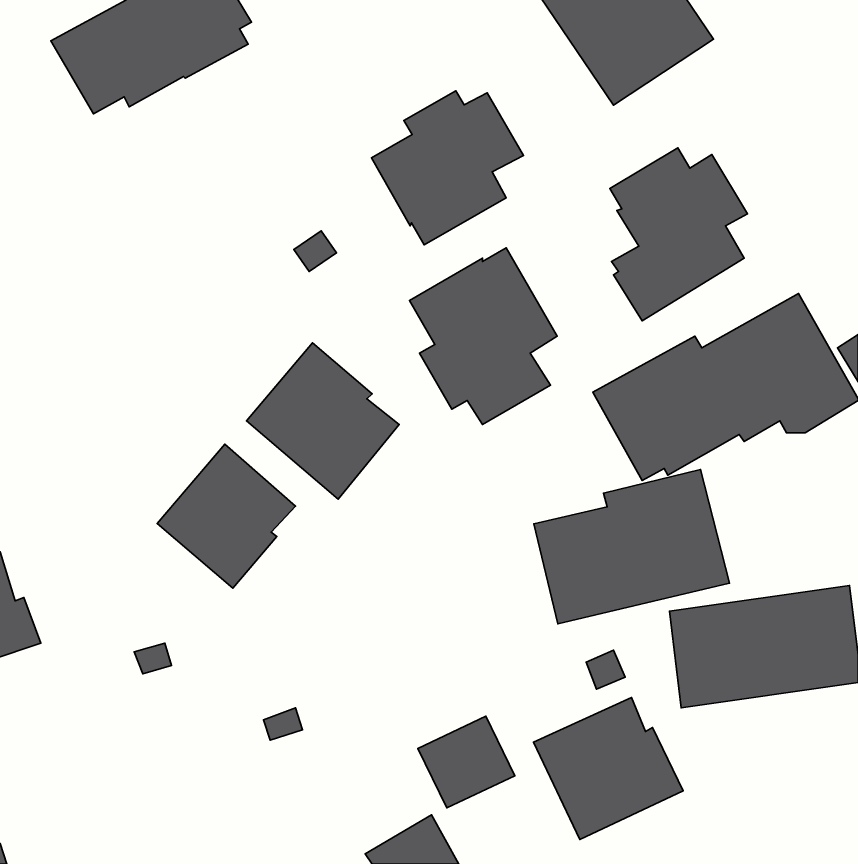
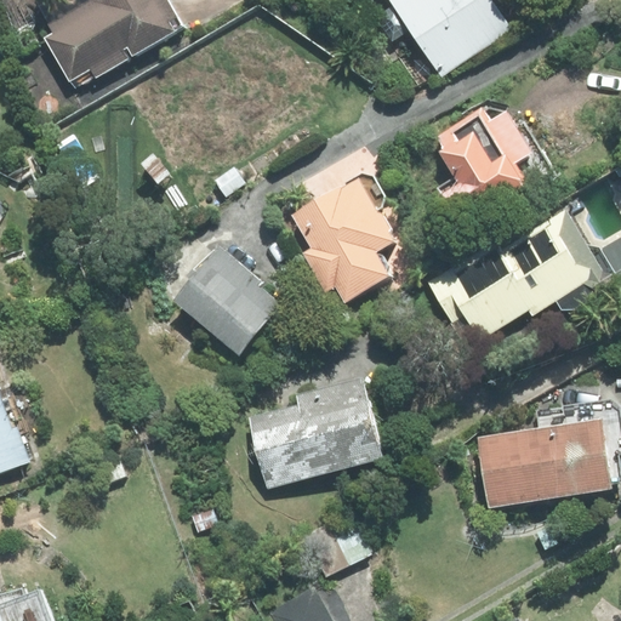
building: [371,91,523,245] -> none
building: [157,444,295,588] -> none
building: [534,470,729,624] -> [246,377,386,488]
building: [534,698,683,840] -> none

